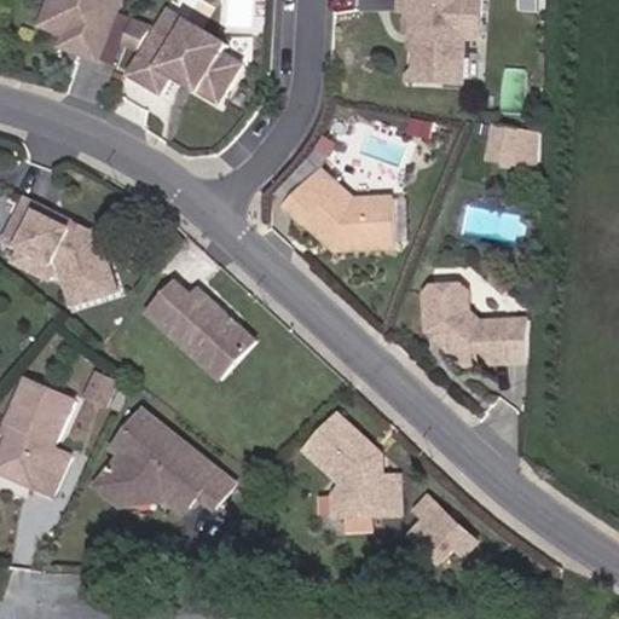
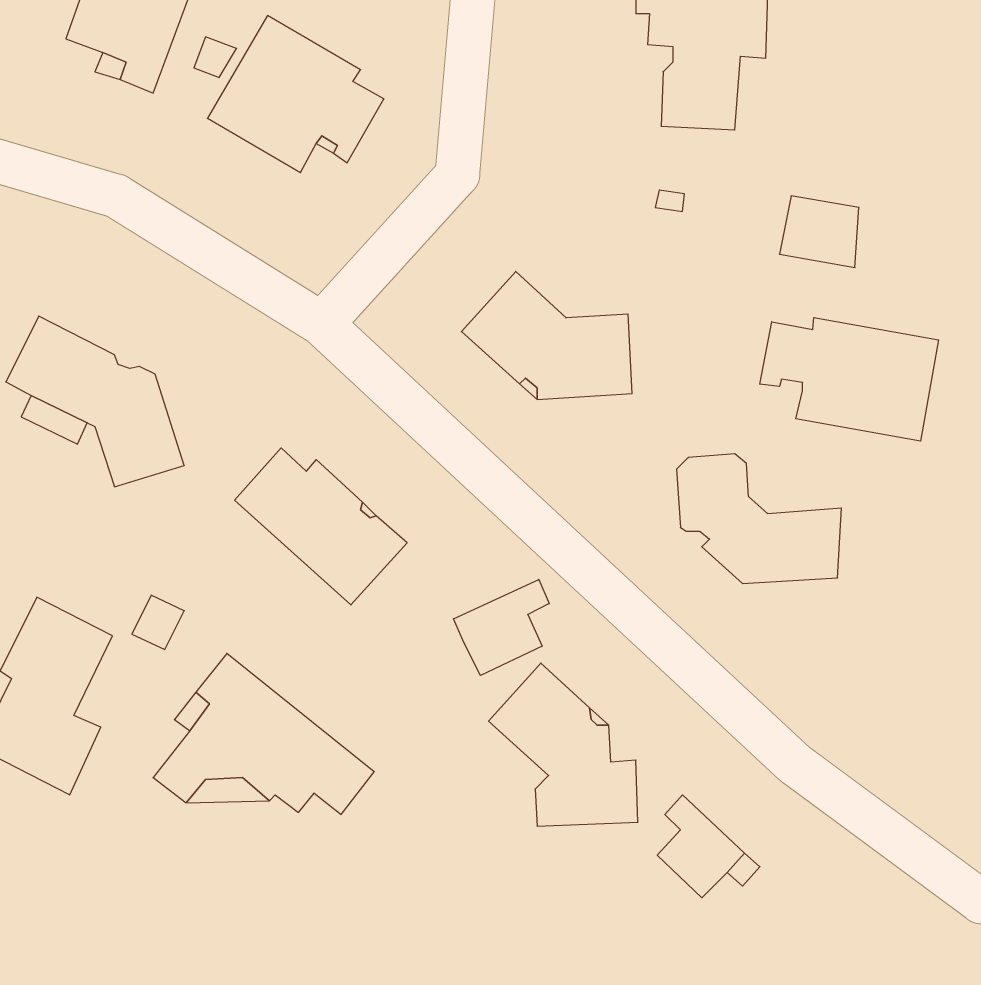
building: none -> [760,318,939,441]
building: none -> [454,579,549,675]

